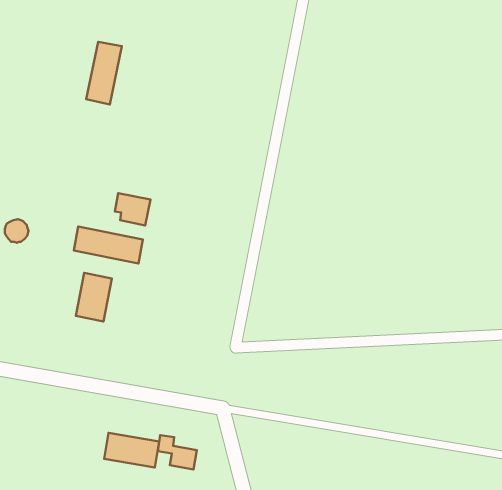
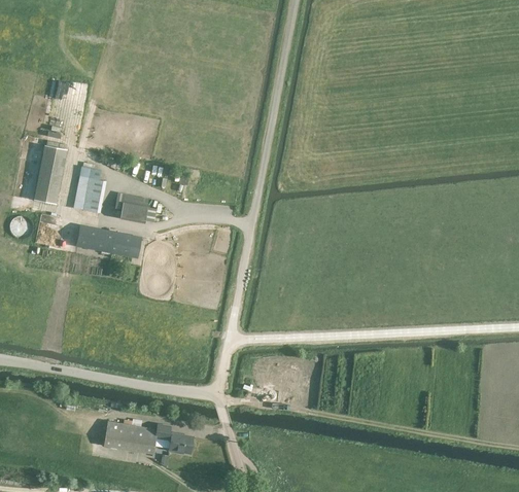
building: [86,42,122,105] -> [33,145,67,205]
building: none -> [73,163,106,213]
building: [76,273,112,322] -> none

